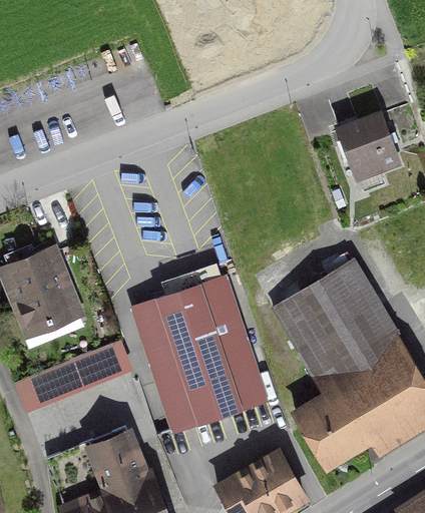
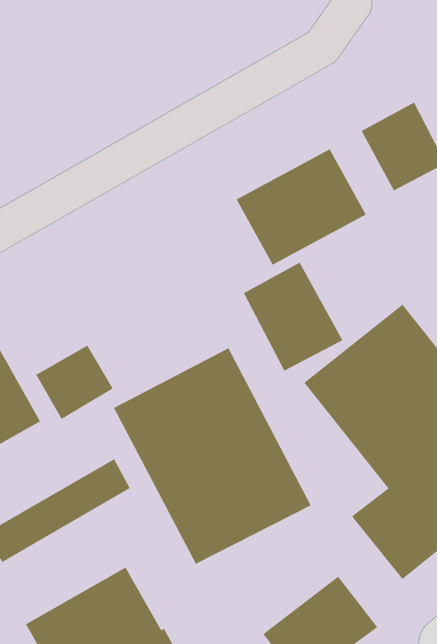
building: none -> [236,148,367,266]
building: none -> [243,262,343,371]
building: none -> [36,345,113,420]

